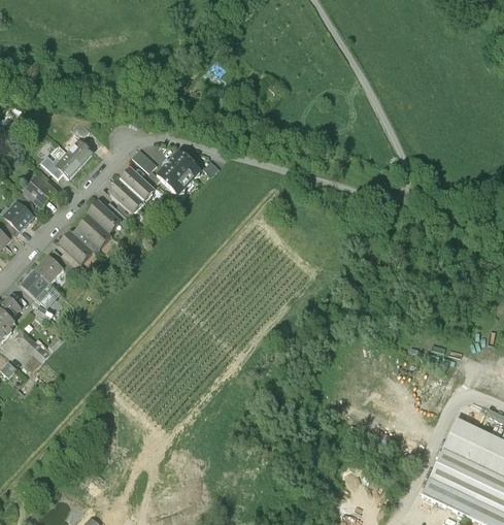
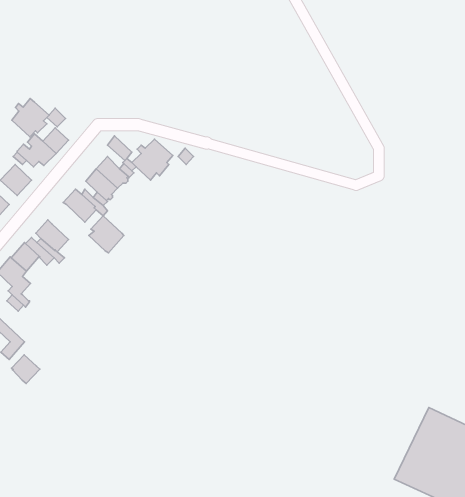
building: none -> [12,98,49,137]
building: [76,216,111,253] -> [89,216,124,253]
building: none -> [12,355,40,383]

